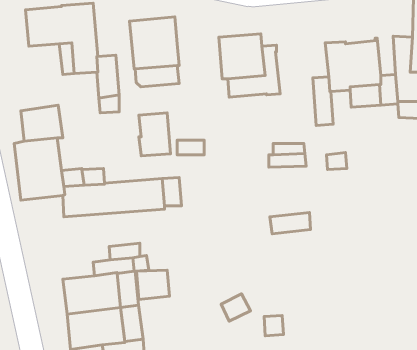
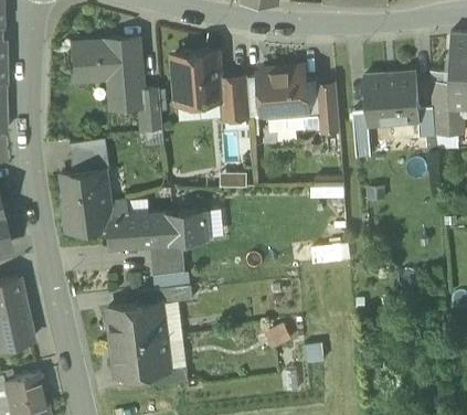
building: none -> [316,83,340,129]
building: [139,113,171,156] -> [220,75,251,117]
building: [137,270,169,299] -> [151,246,183,275]

